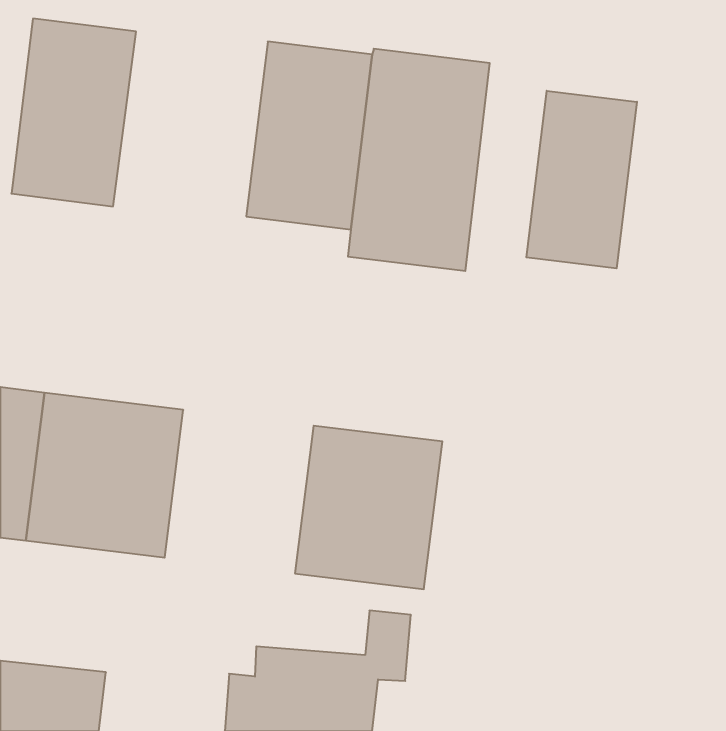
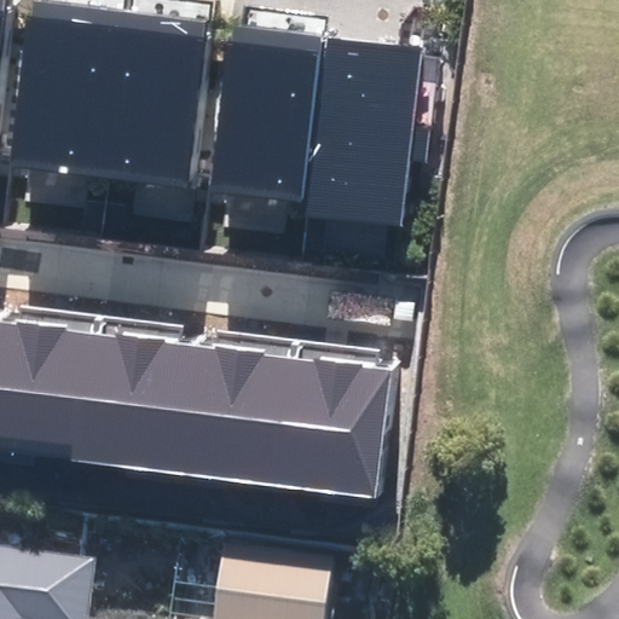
building: none -> [100,27,207,185]
building: [526,91,637,268] -> none
building: none -> [144,346,270,484]

